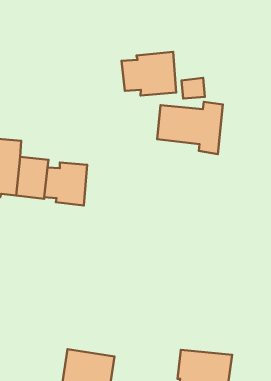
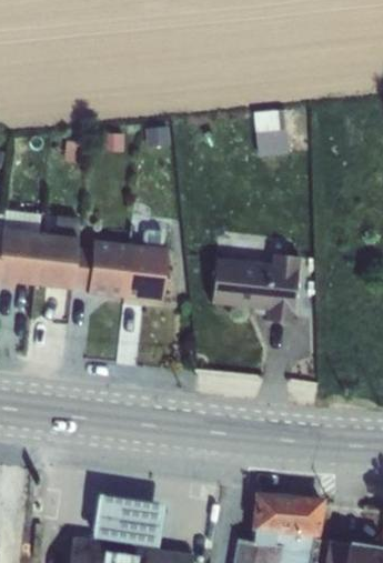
building: [121,52,176,96] -> none
building: [157,102,223,154] -> [212,254,300,324]
building: none -> [125,244,167,303]

